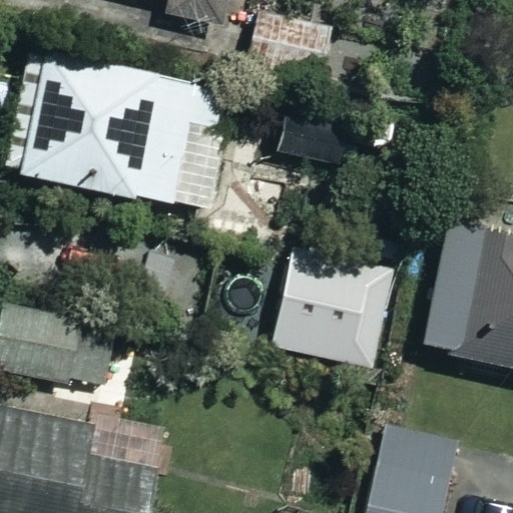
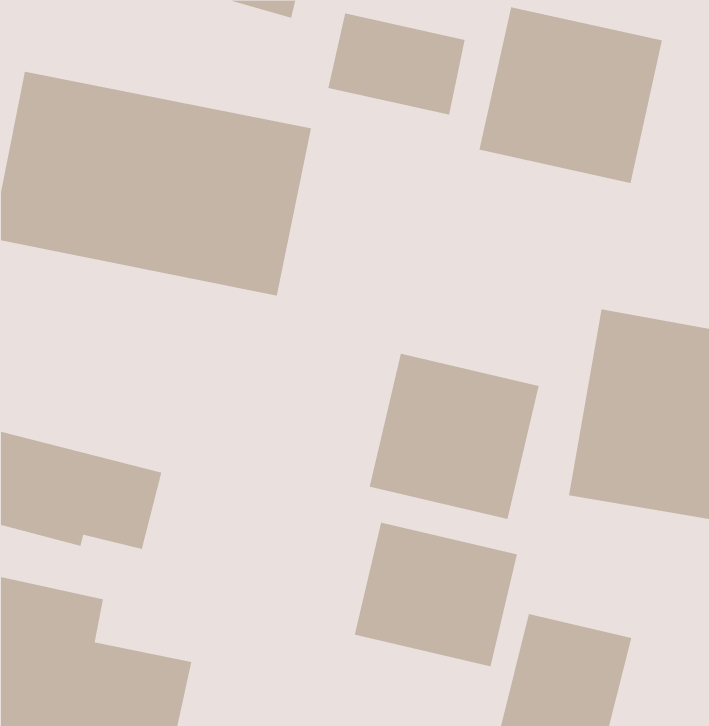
building: none -> [479,6,663,184]
building: none -> [354,522,518,667]

